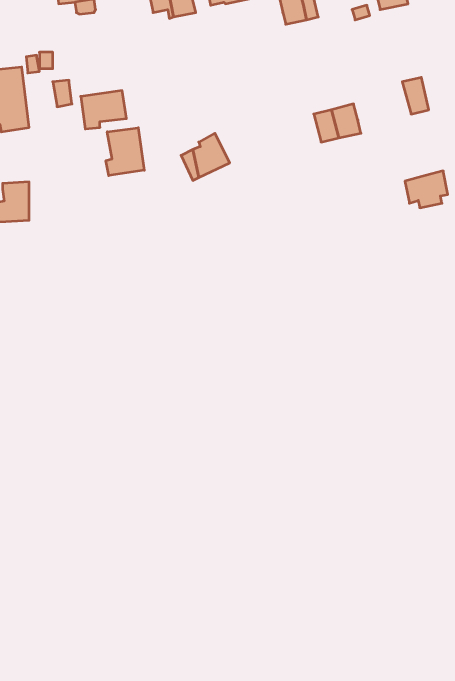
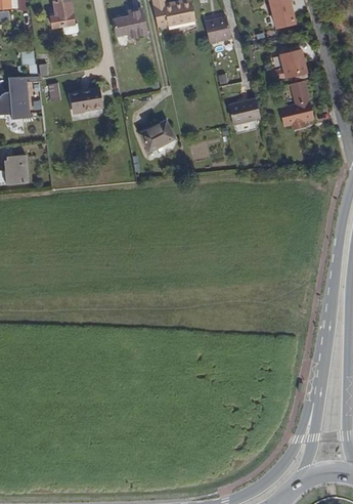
building: none -> [271,48,307,79]
building: [106,128,144,176] -> none
building: [405,171,448,208] -> [282,101,312,127]

